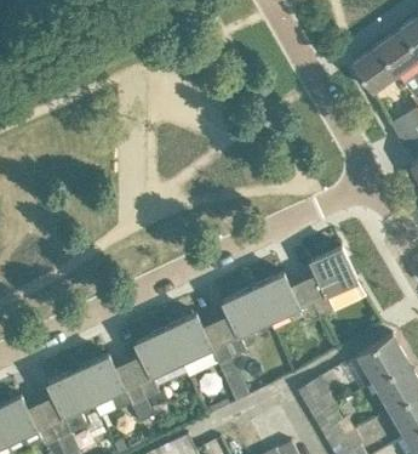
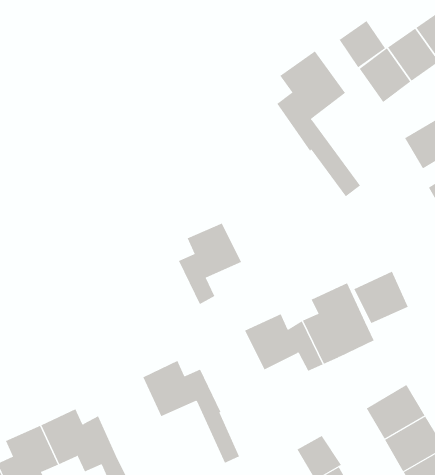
building: none -> [339,20,386,68]
building: none -> [276,50,361,197]
building: none -> [354,271,409,324]
building: [216,289,270,359] -> [178,223,242,305]
building: [128,329,182,399] -> none

